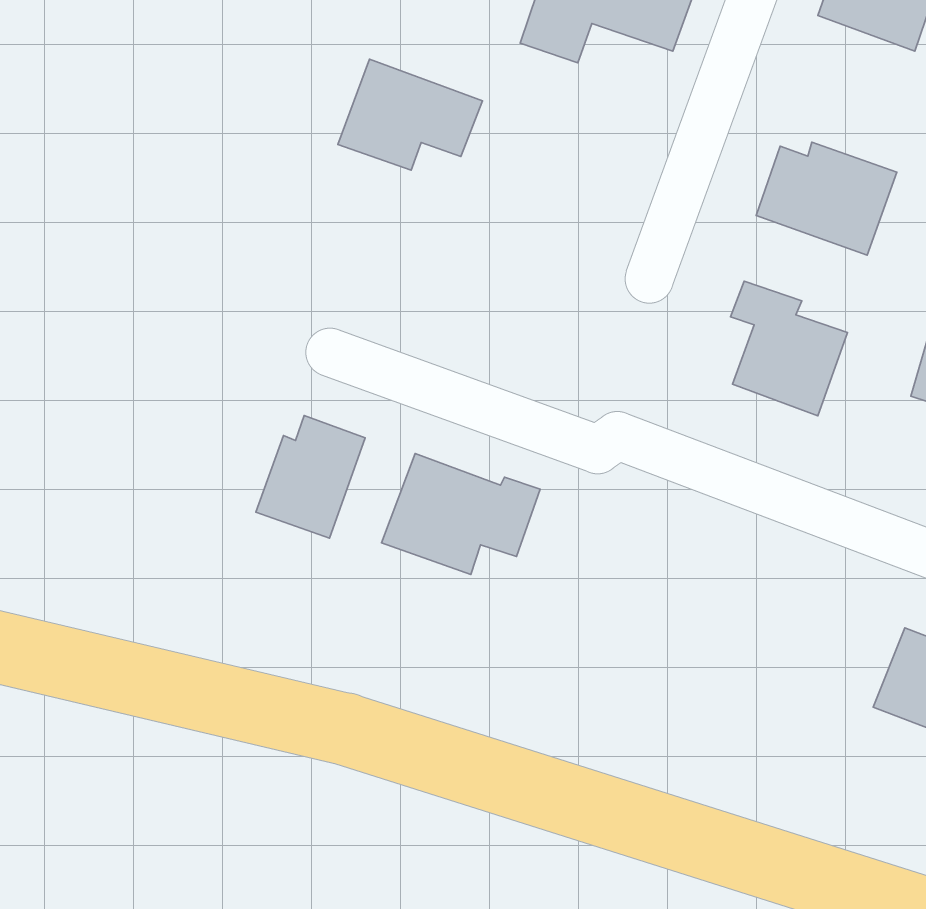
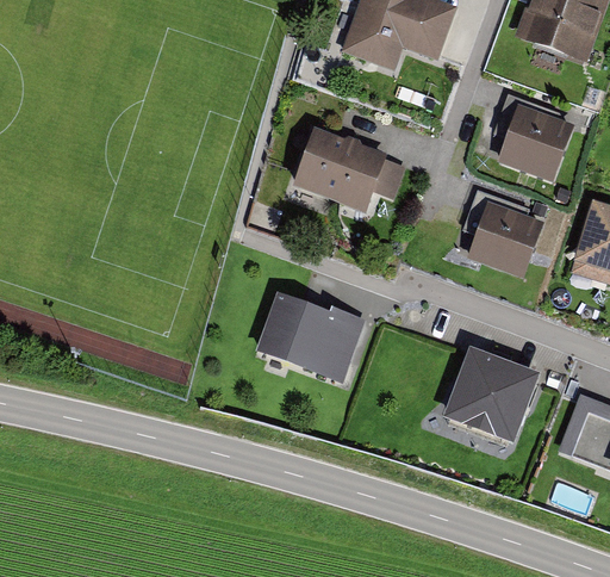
building: [338,59,483,170] -> [299,132,386,199]
building: [256,416,365,538] -> none
building: none -> [444,354,529,438]

